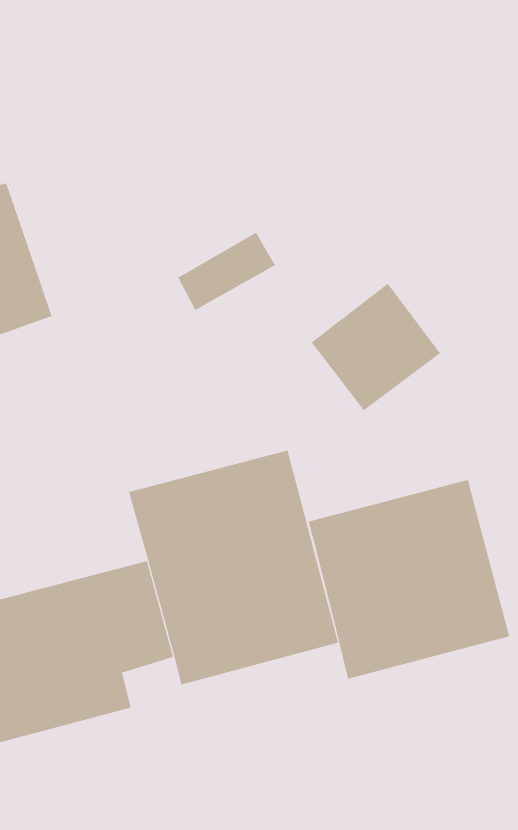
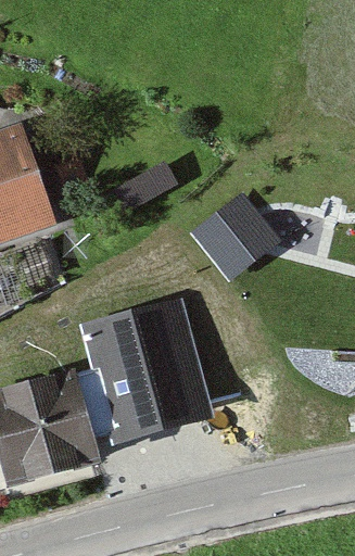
building: [308,479,510,679] -> none

